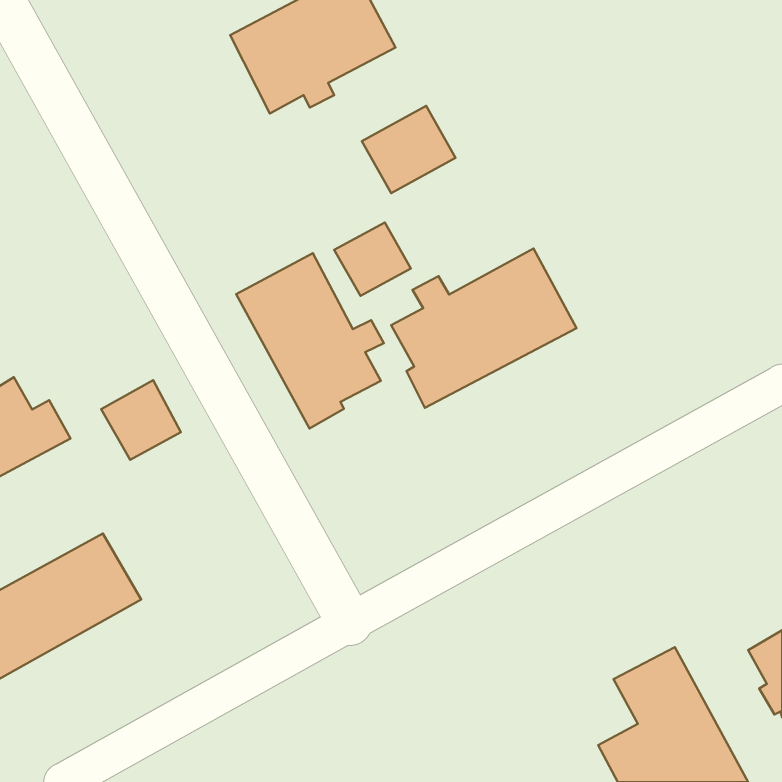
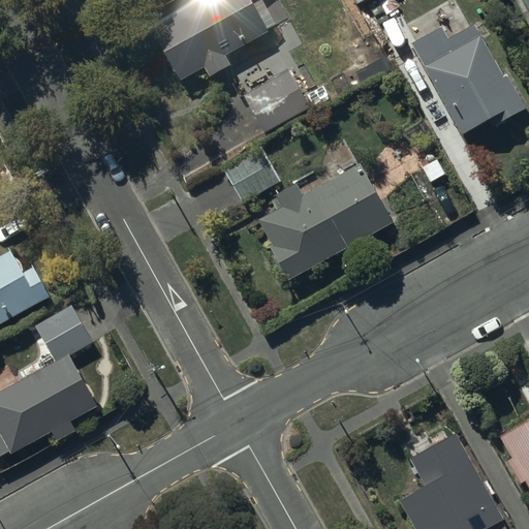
building: none -> [412,25,523,133]
building: [236,253,384,428] -> none
building: [101,380,181,460] -> [36,308,90,362]

